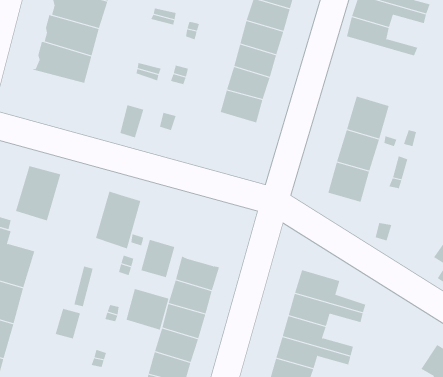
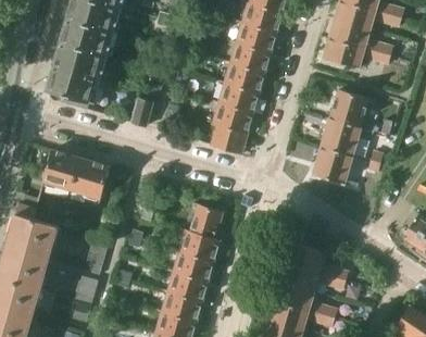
building: none -> [324,37,390,67]
building: none -> [49,66,101,109]
building: none -> [212,103,252,153]
building: [95,191,141,249] -> [68,158,109,209]
building: [141,239,175,278] -> [191,204,222,238]
building: [126,288,169,330] -> none

